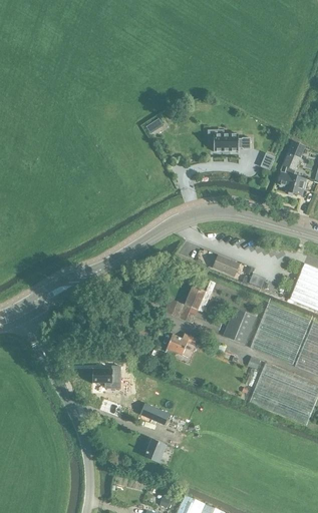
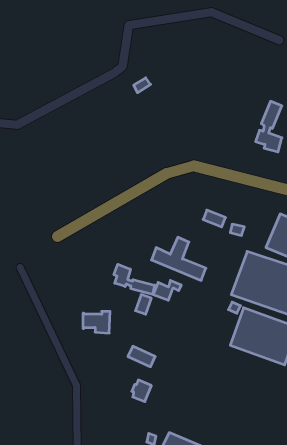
building: [211,135,248,153] -> none
building: [222,308,256,345] -> none
building: none -> [114,264,155,294]

